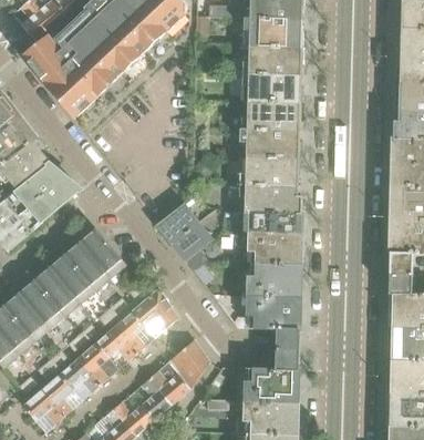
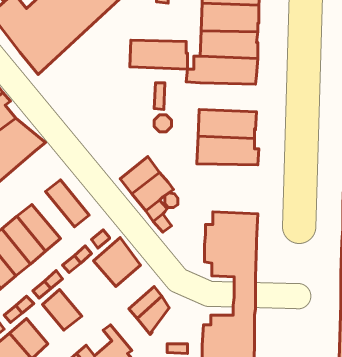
building: [240,126,300,156] -> [130,40,187,69]
building: [224,209,302,263] -> none
building: [66,239,111,288] -> none
building: [95,311,154,369] -> none
building: [61,357,100,398] -> none
building: [148,361,189,405] -> none

